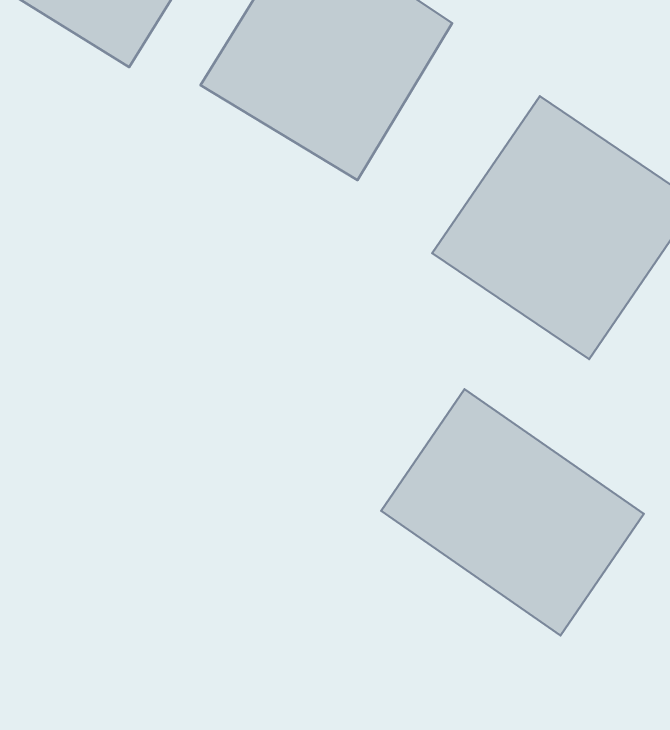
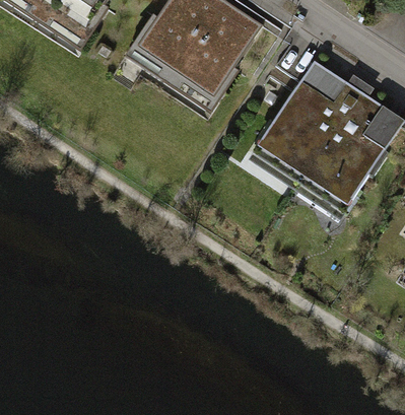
building: [381,389,644,635] -> none

